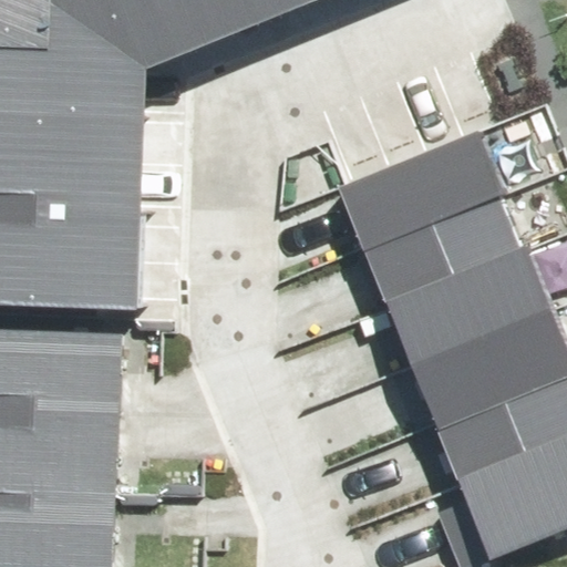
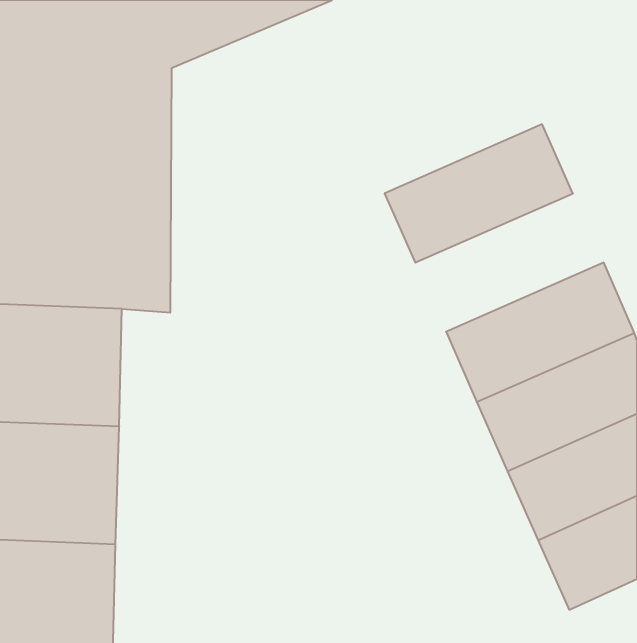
building: [359,177,522,297] -> none

